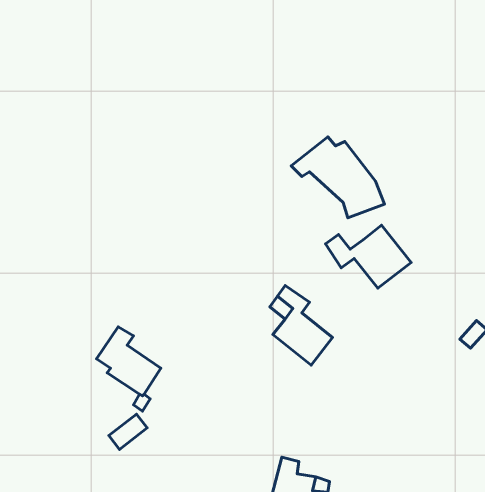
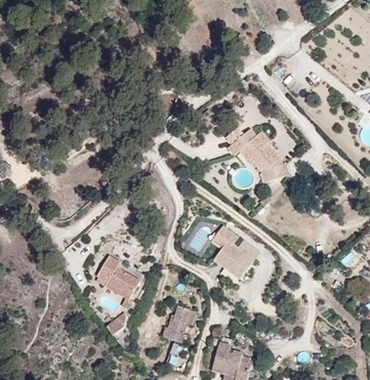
building: [326,225,411,288] -> none
building: none -> [162,304,195,342]

